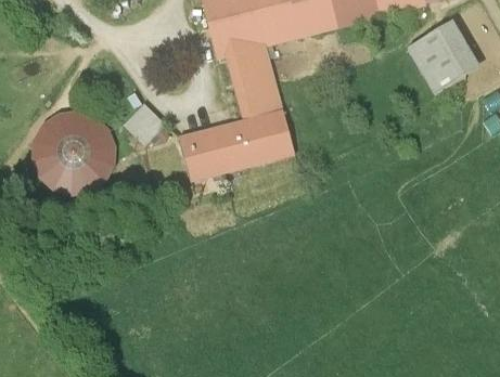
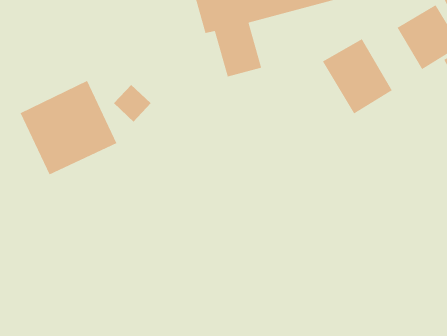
building: none -> [322,38,393,114]
building: [180,89,293,180] -> none

